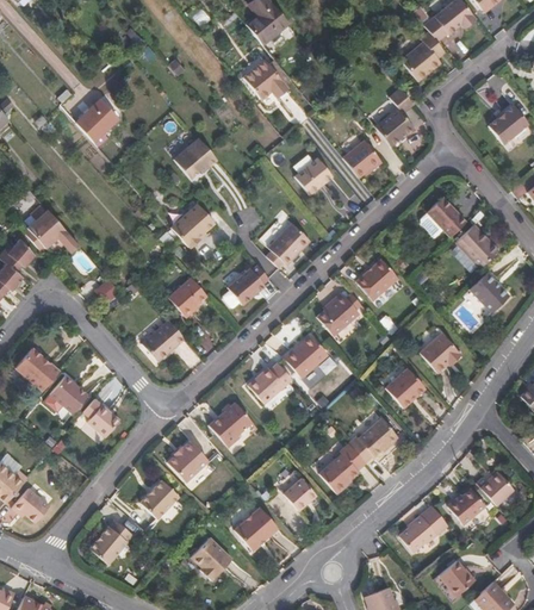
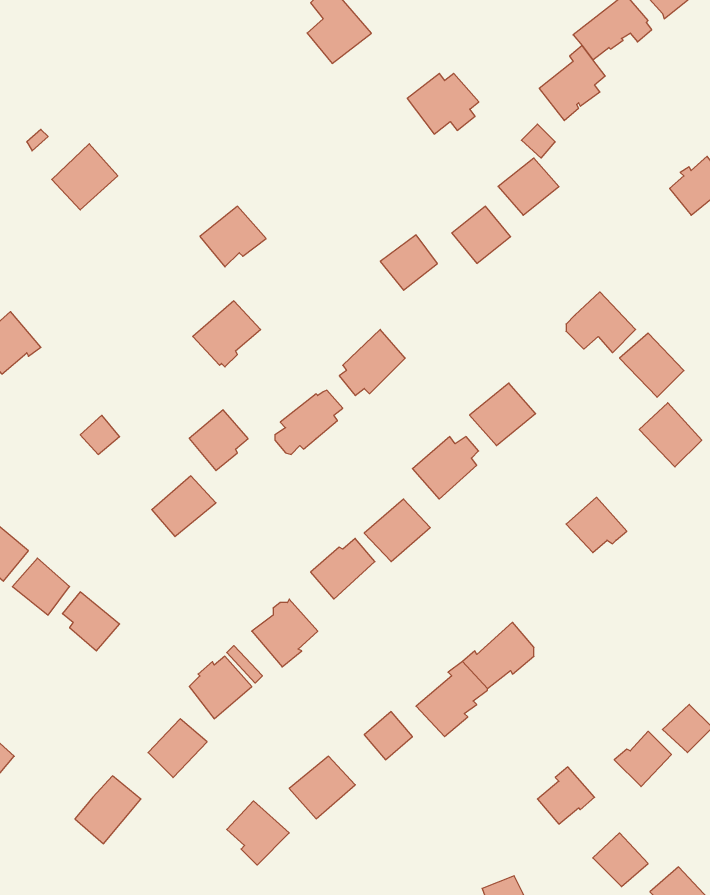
building: [243,60,291,100] -> [407,73,479,134]
building: [384,367,424,406] -> none

